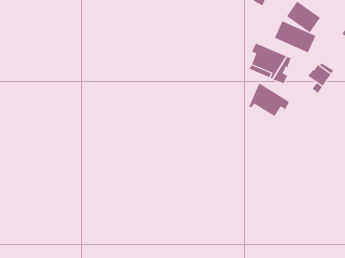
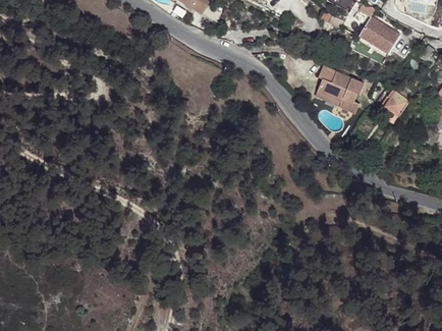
building: [274,21,316,53] -> none
building: [248,82,290,117] -> none

